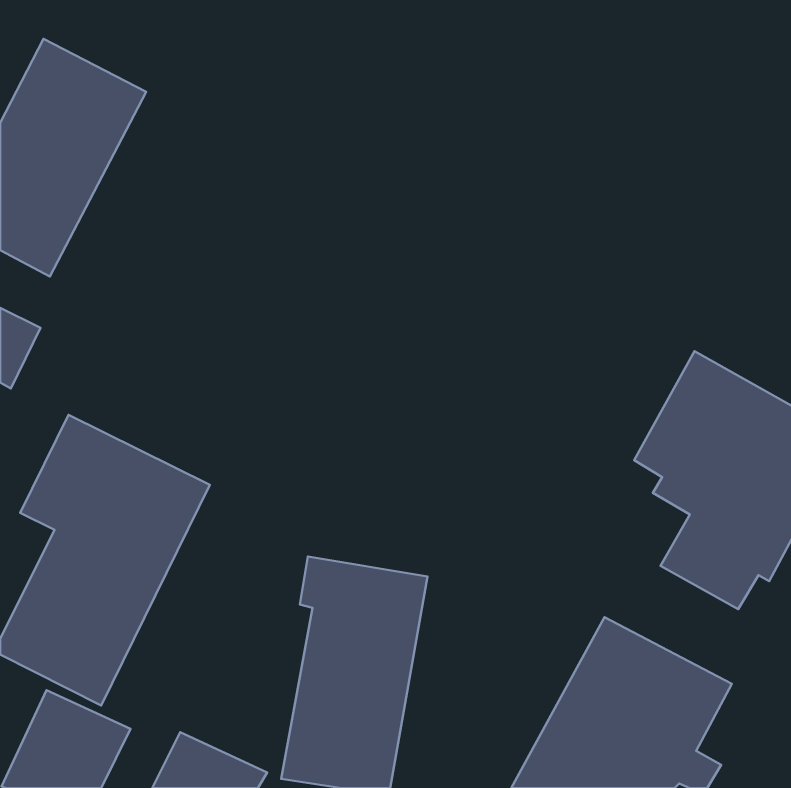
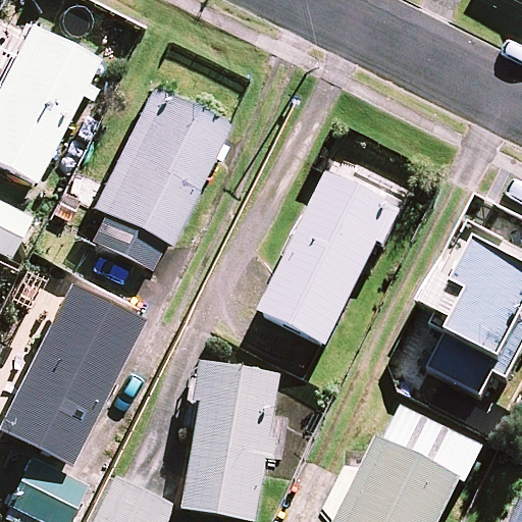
building: none -> [93,90,228,271]
building: none -> [261,155,409,346]

